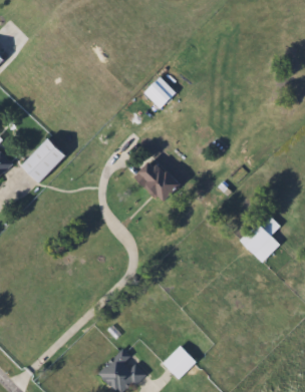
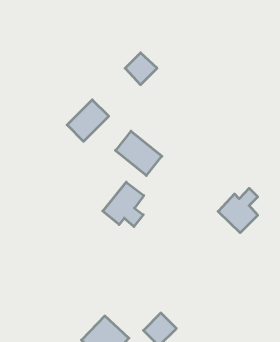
building: [19,139,62,182] -> [67,100,109,141]
building: none -> [103,182,144,227]

